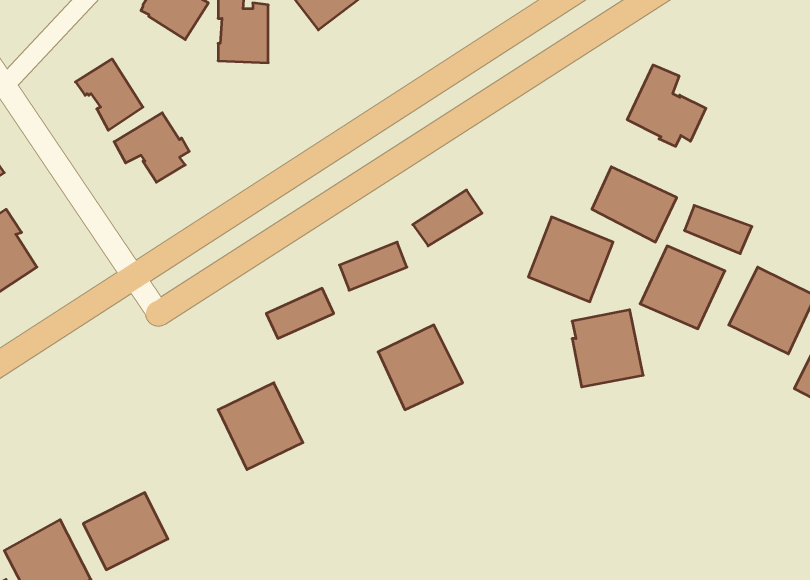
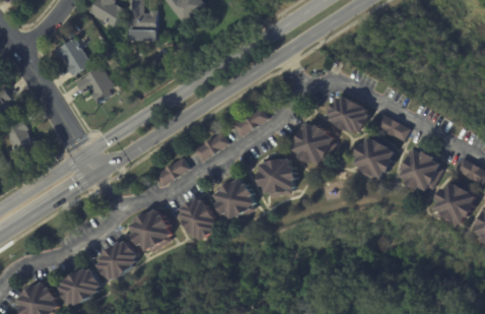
building: [627,65,706,146] -> none
building: [572,310,643,387] -> [259,156,296,197]
building: none -> [178,195,218,241]
building: none -> [95,237,140,282]

